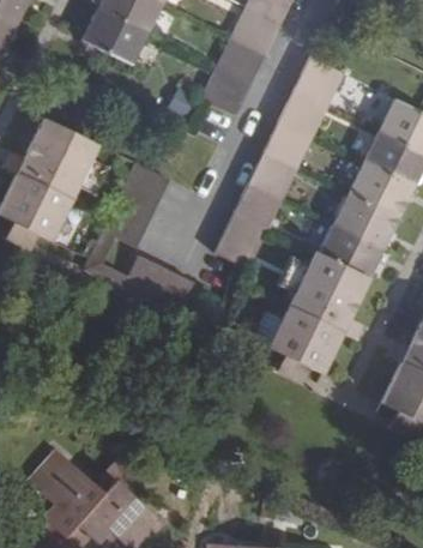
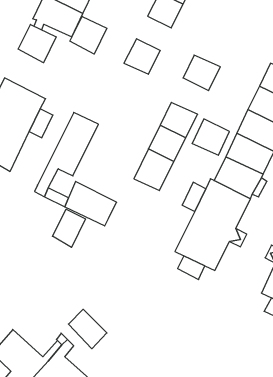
building: [218,36,264,82] -> none
building: none -> [70,16,107,54]
building: none -> [18,24,56,63]
building: [294,55,343,103] -> none
building: [264,118,313,165] -> [192,119,229,155]
building: none -> [52,209,86,247]
building: none -> [68,309,107,349]

